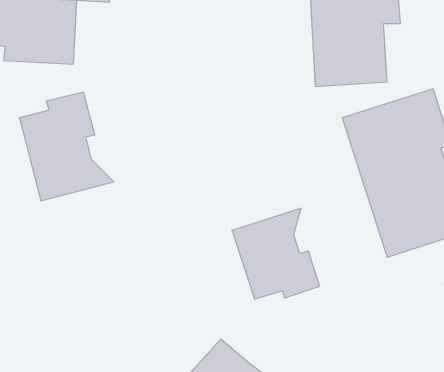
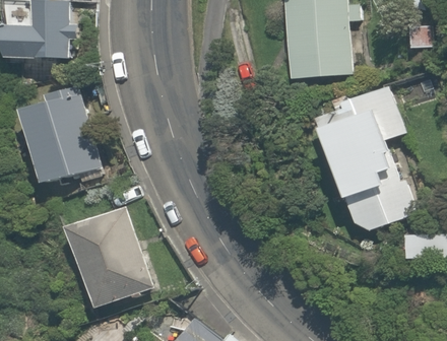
building: [232,208,319,299] -> none
building: none -> [61,202,159,310]

